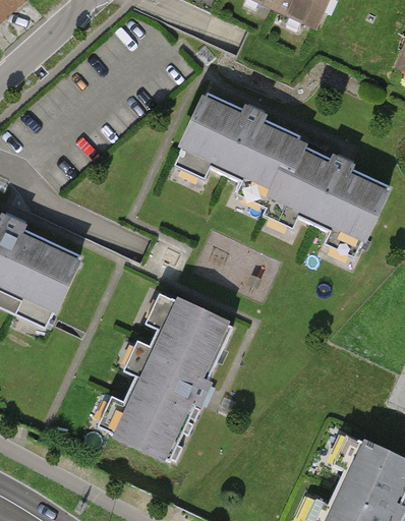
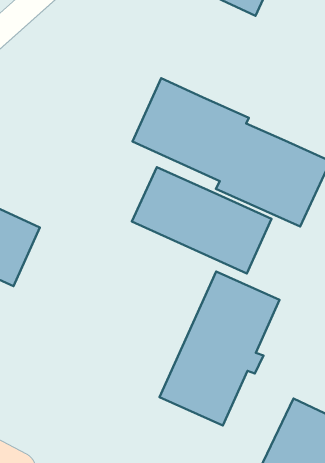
building: none -> [132,167,272,273]
building: [106,298,235,464] -> [159,272,280,426]

